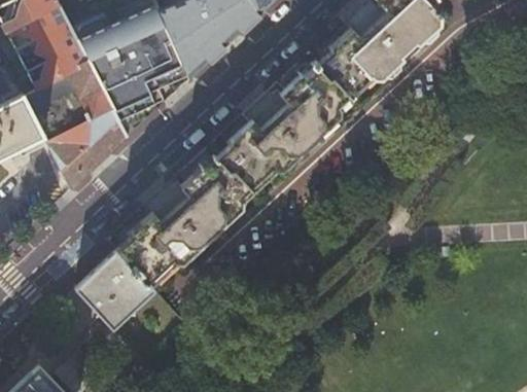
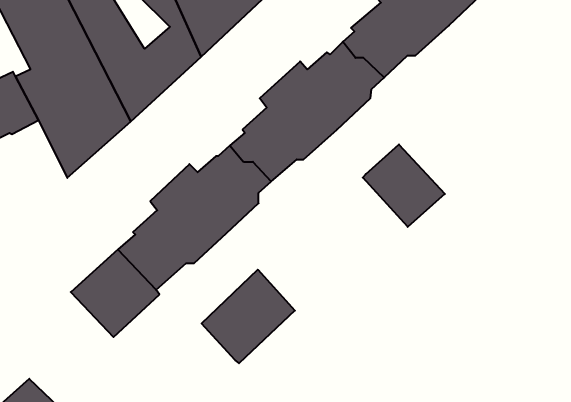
building: none -> [363,144,445,227]
building: none -> [202,270,295,363]

